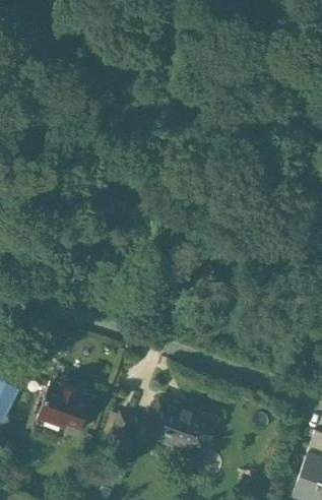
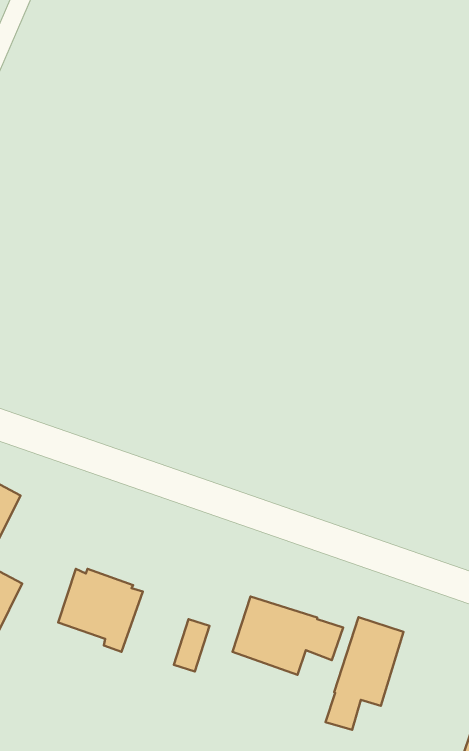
building: none -> [325,617,403,730]

